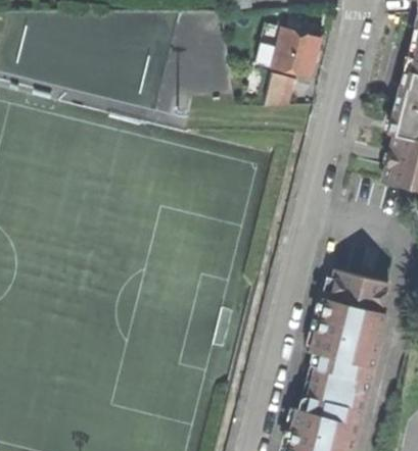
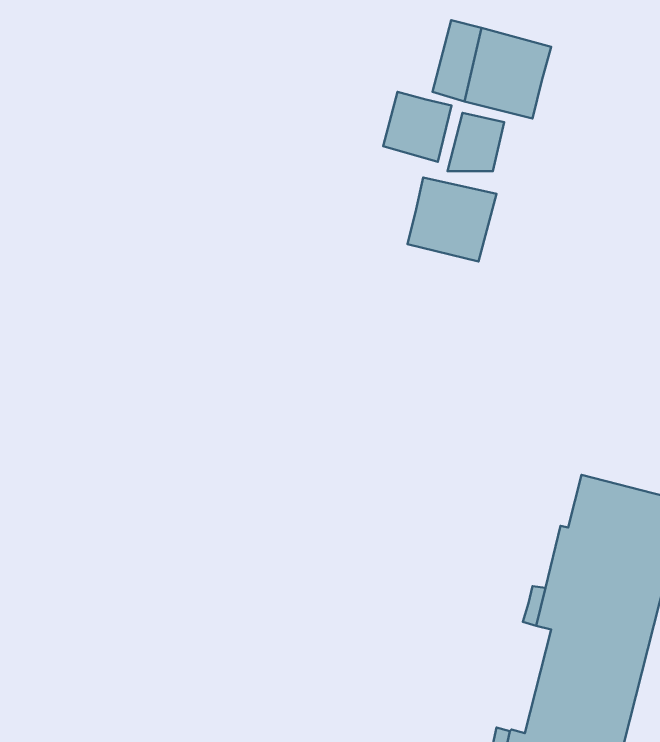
building: none -> [383,92,451,162]
building: none -> [408,177,496,261]

